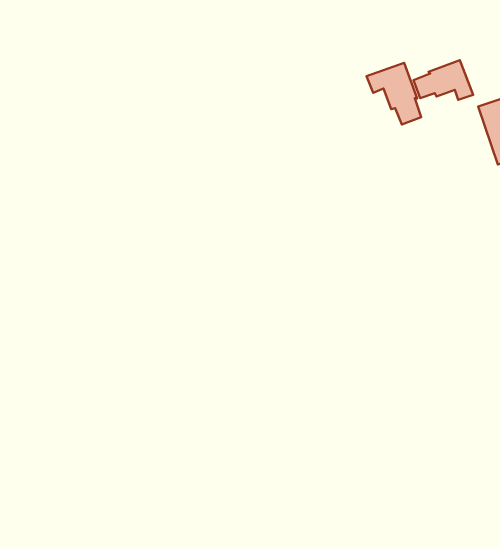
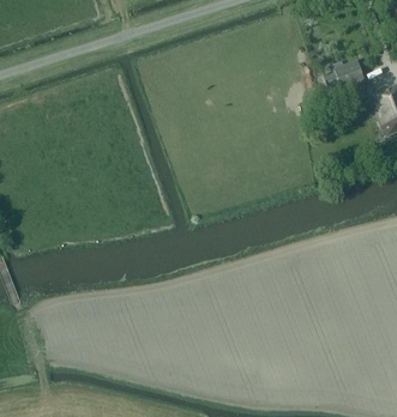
building: [366,63,421,125] -> none

